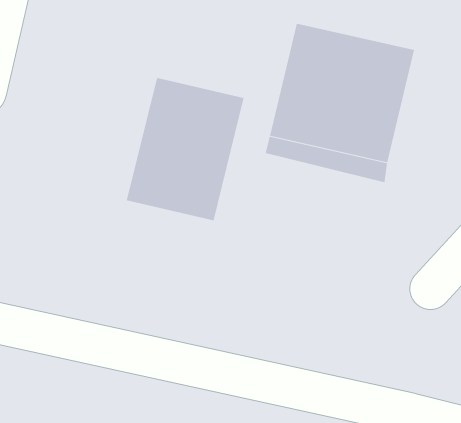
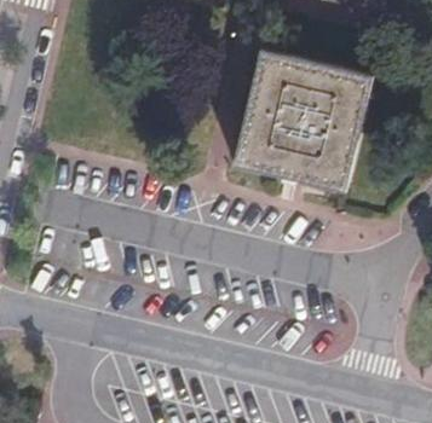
building: [126,77,244,221] -> none

